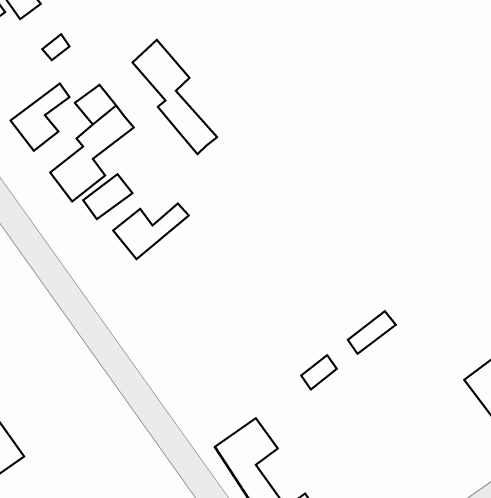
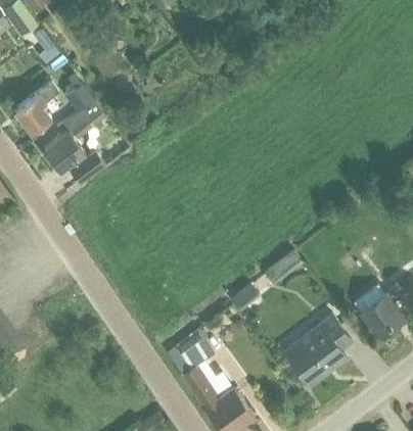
building: [133,40,217,154] -> none
building: [113,203,189,259] -> none
building: none -> [283,314,351,384]

